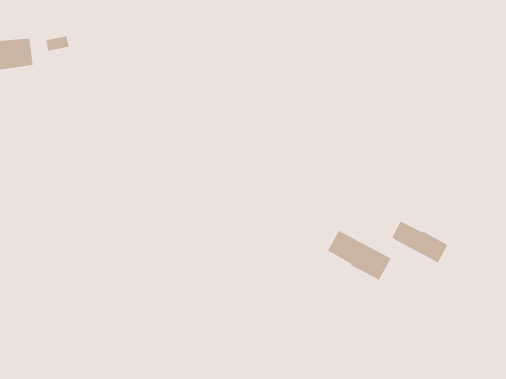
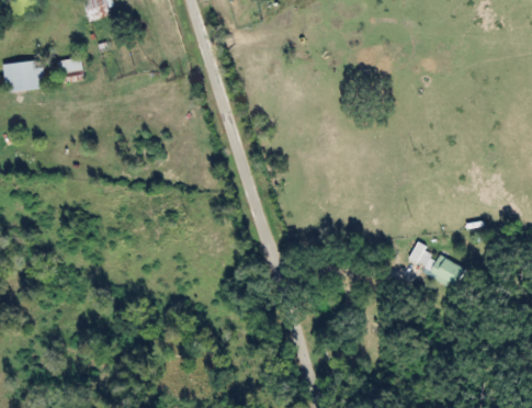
building: [327,230,391,281] -> none

